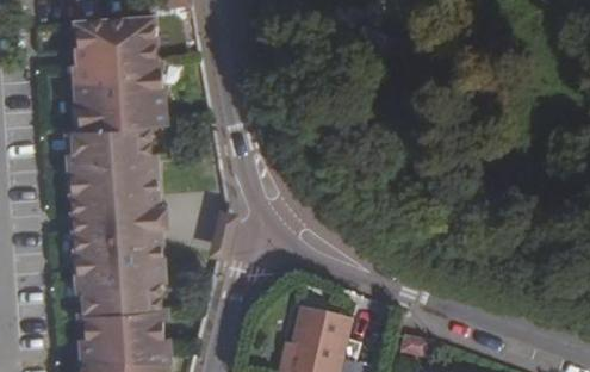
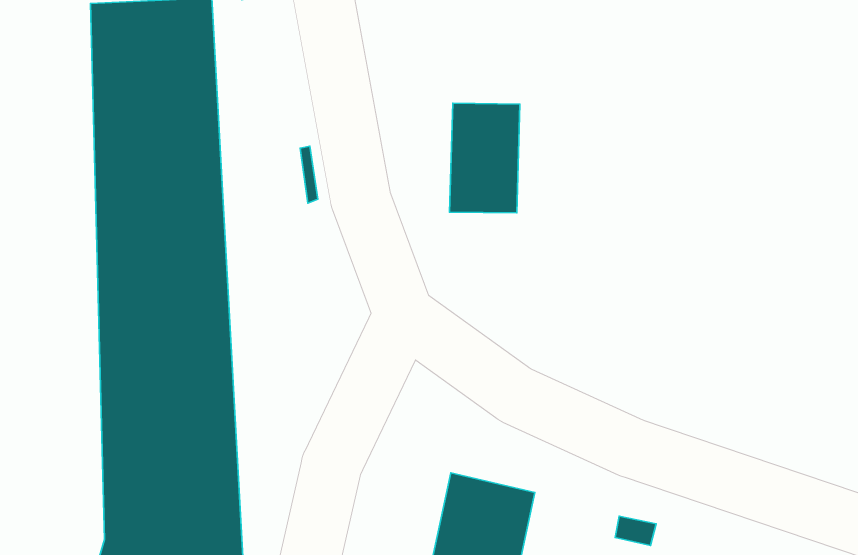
building: none -> [449,103,520,213]

